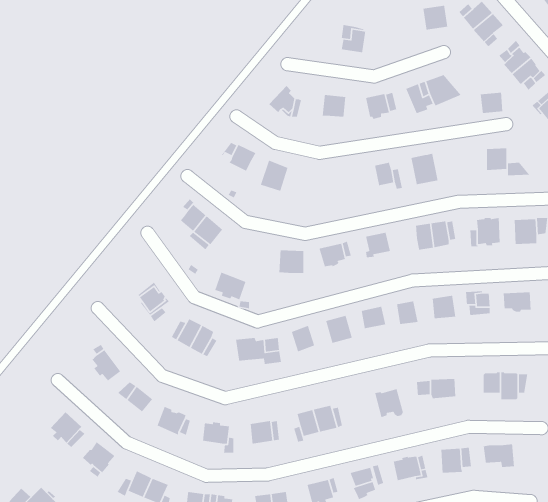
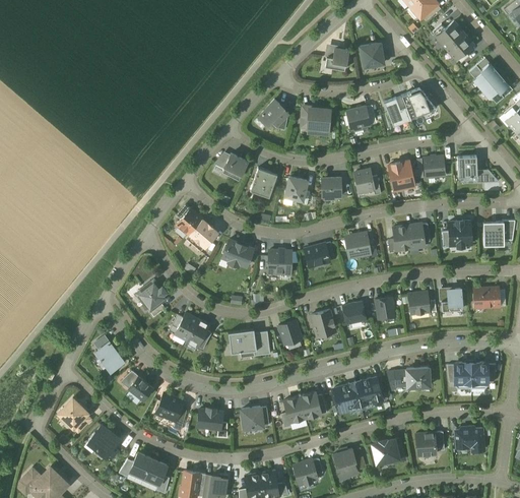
building: [423,5,448,30] -> [360,44,383,67]
building: [480,92,503,114] -> [422,157,444,177]
building: none -> [284,177,307,201]
building: none -> [321,178,340,199]
building: [214,272,246,300] -> [222,240,252,266]
building: none -> [333,381,361,413]

